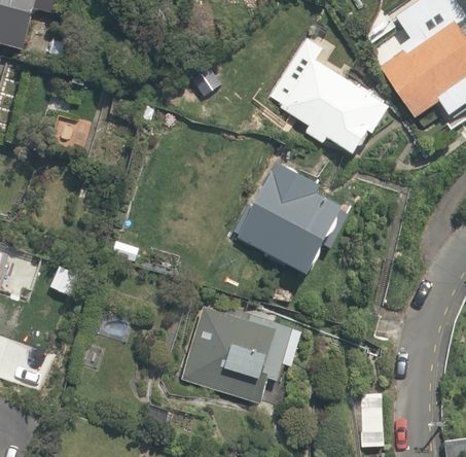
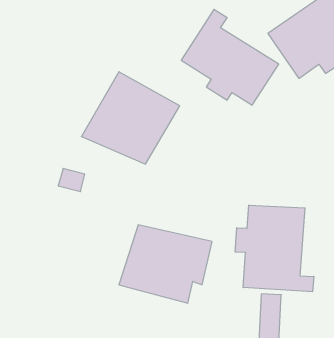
building: [238,157,359,272] -> [81,72,180,164]
building: none -> [235,205,314,292]

